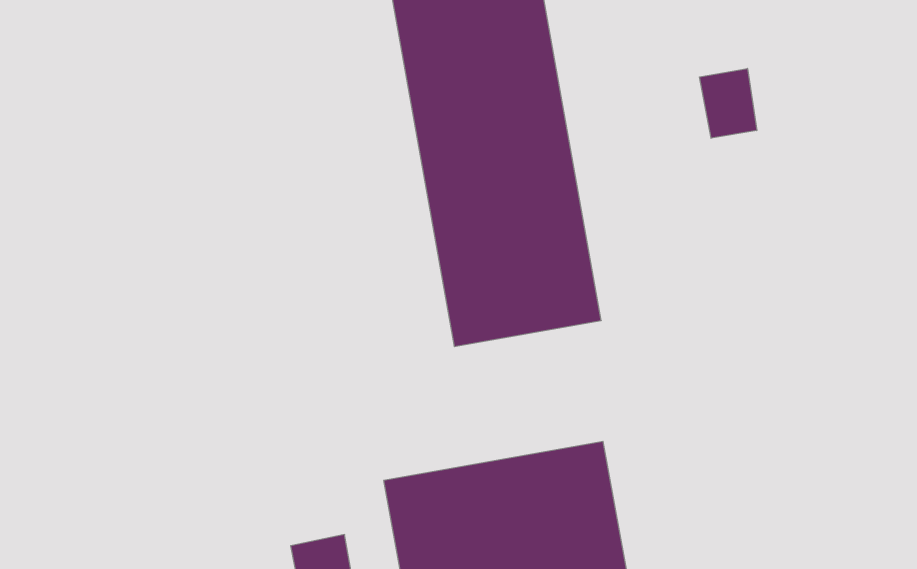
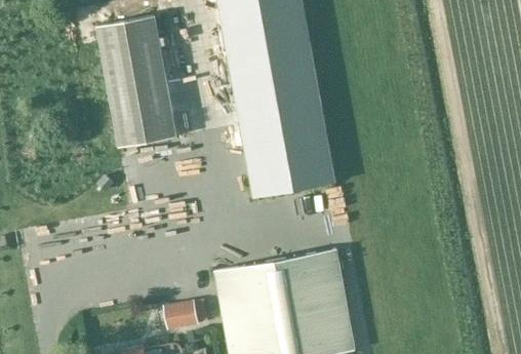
building: none -> [96,16,175,148]
building: [700,68,757,138] -> none

